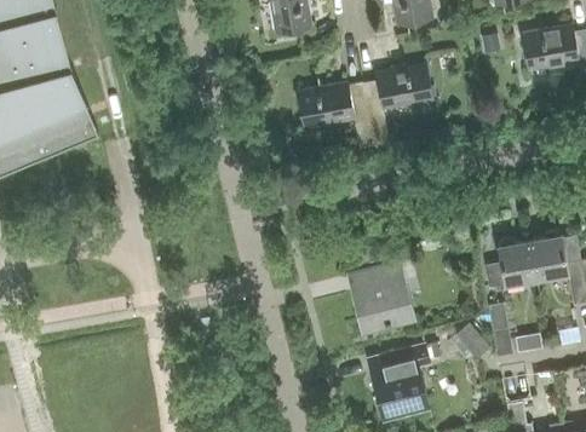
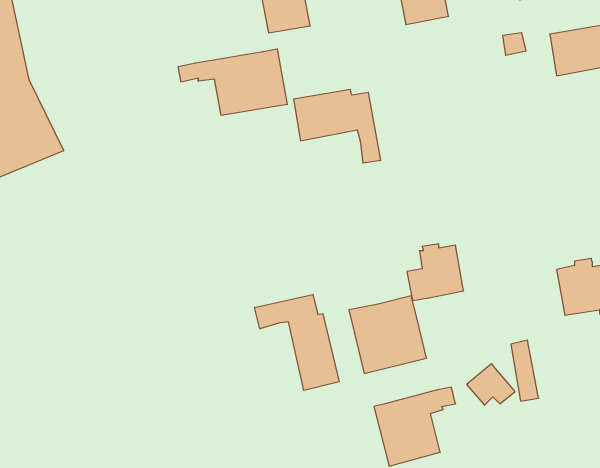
building: none -> [178,49,287,115]
building: [363,65,433,145] -> none
building: [486,240,535,289] -> [407,244,464,301]
building: none -> [255,294,339,390]

